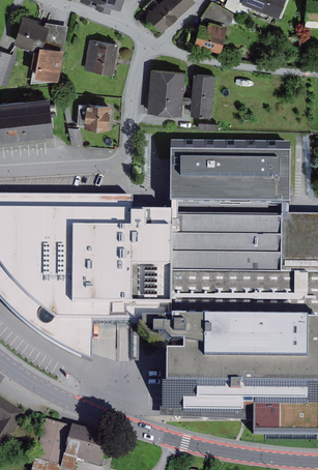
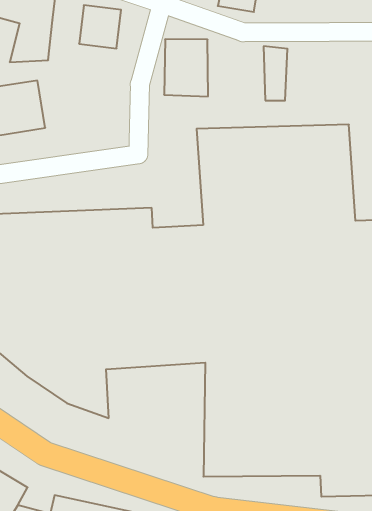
building: [194,72,213,116] -> [264,46,288,101]
building: [68,101,110,143] -> none

